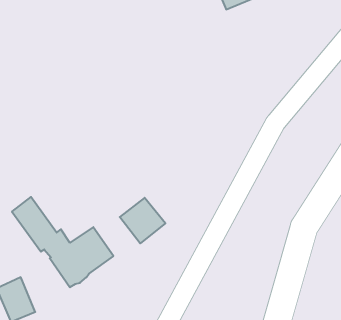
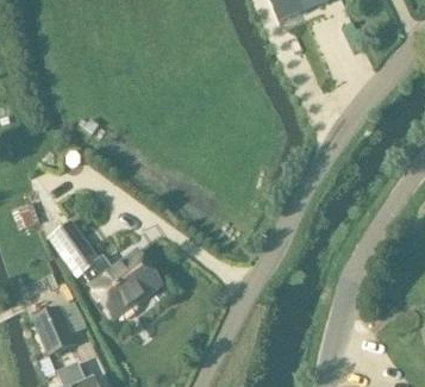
building: [120,198,165,243] -> none

